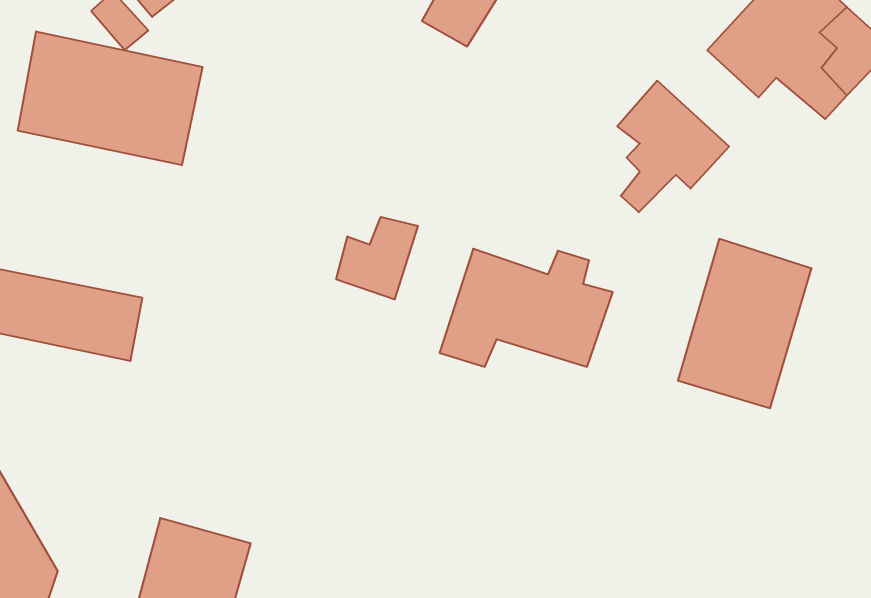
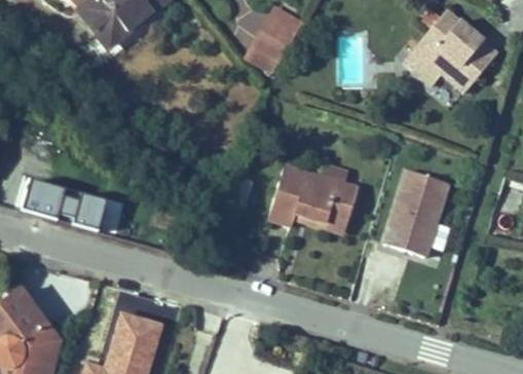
building: [18,31,202,165] -> none
building: [617,81,729,212] -> none
building: [336,217,418,299] -> none

